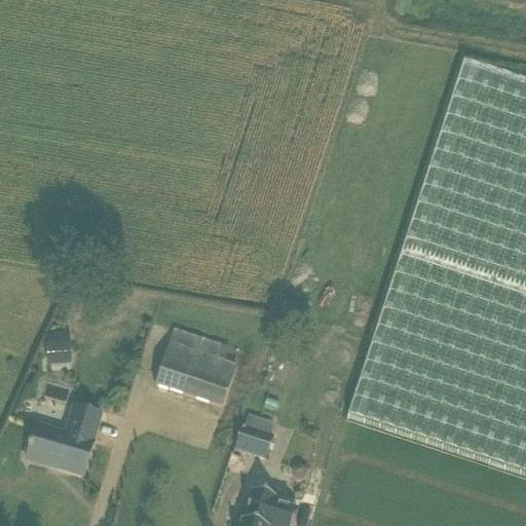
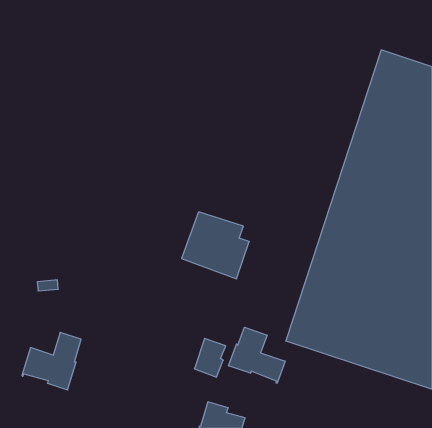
building: [154,327,236,408] -> [182,212,249,279]
building: none -> [229,327,285,383]

